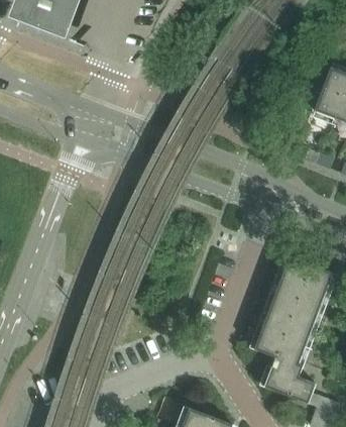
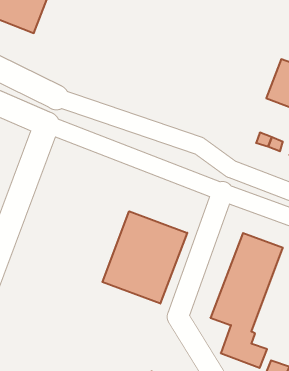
building: none -> [102,211,187,304]

